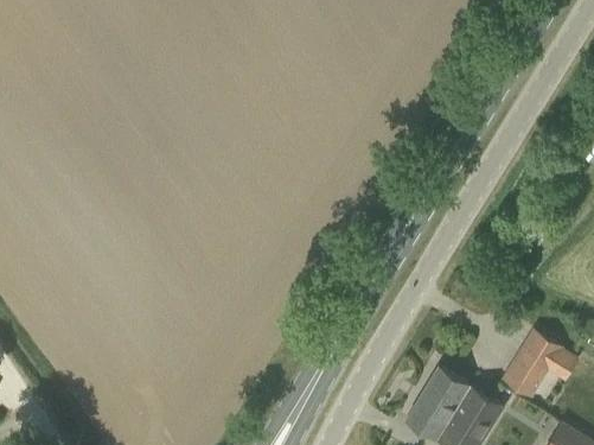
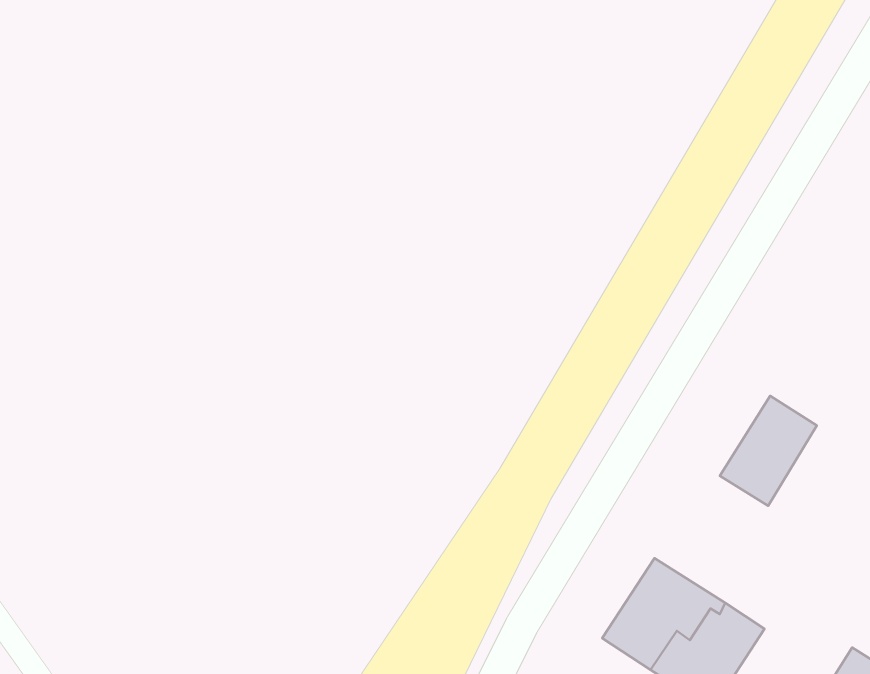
building: [500,330,562,400] -> [720,396,817,506]

